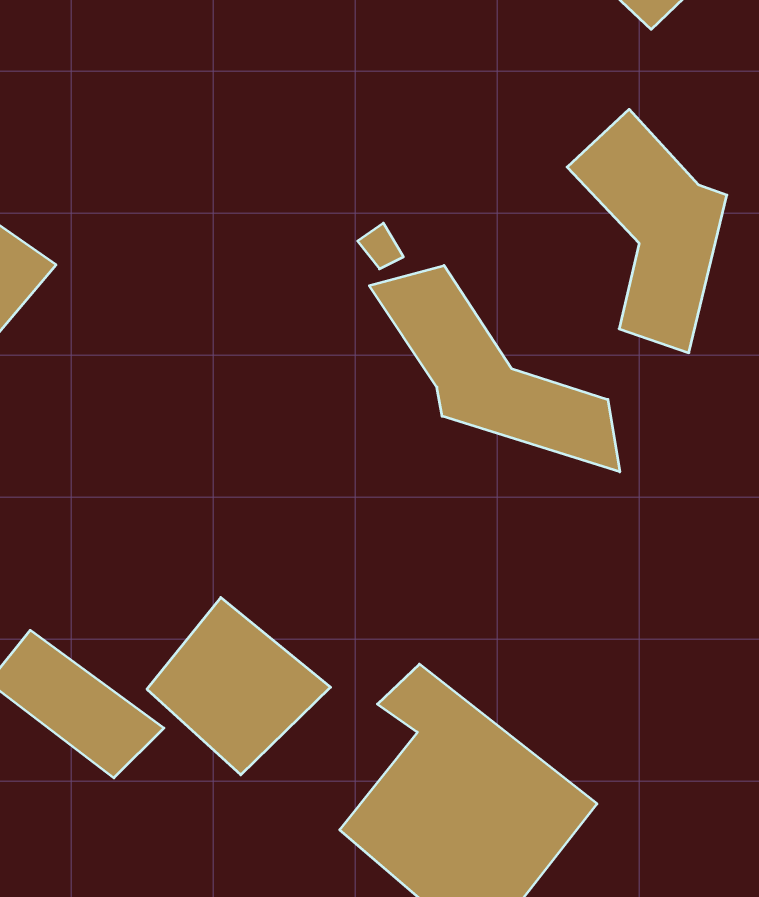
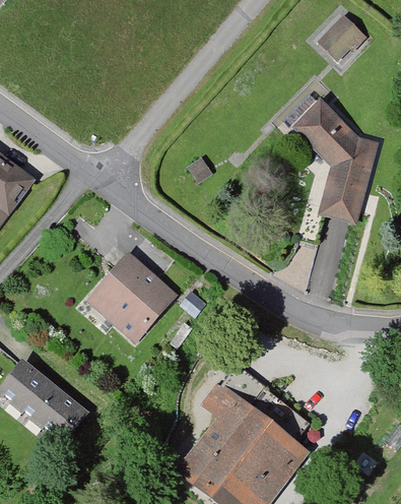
building: [369,265,620,472] -> none
building: [147,597,331,775] -> [85,251,179,341]

